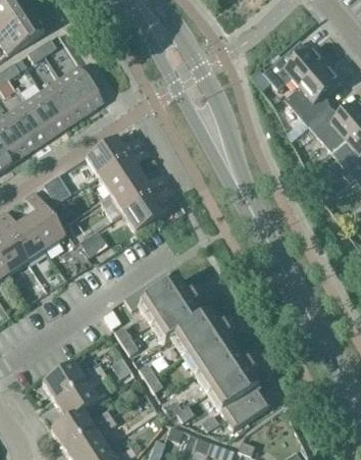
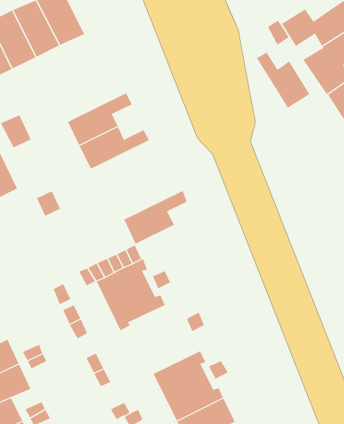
building: none -> [256,52,310,108]
building: [86,137,144,175] -> none
building: [122,182,173,232] -> [124,190,188,244]
building: [170,311,233,374] -> none

